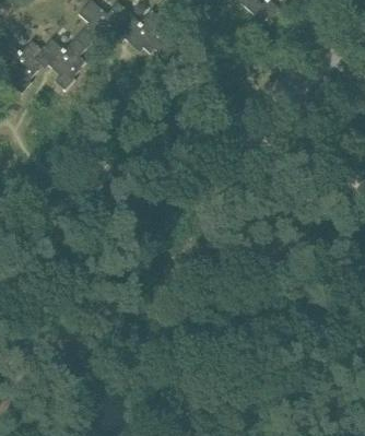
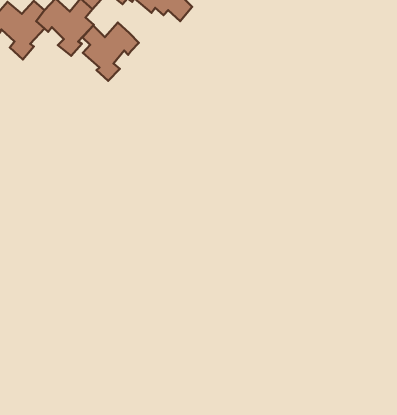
building: none -> [82,23,139,81]

